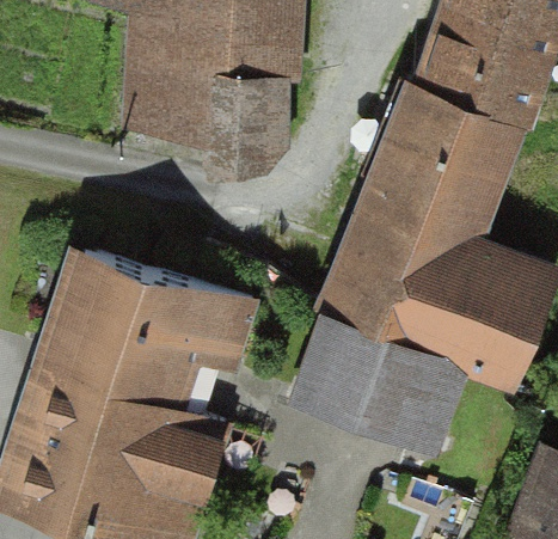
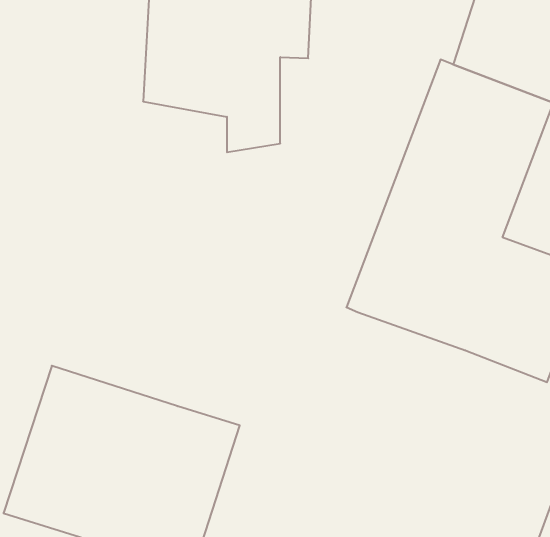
building: [49,249,255,406] -> none
building: [308,318,439,436] -> none

